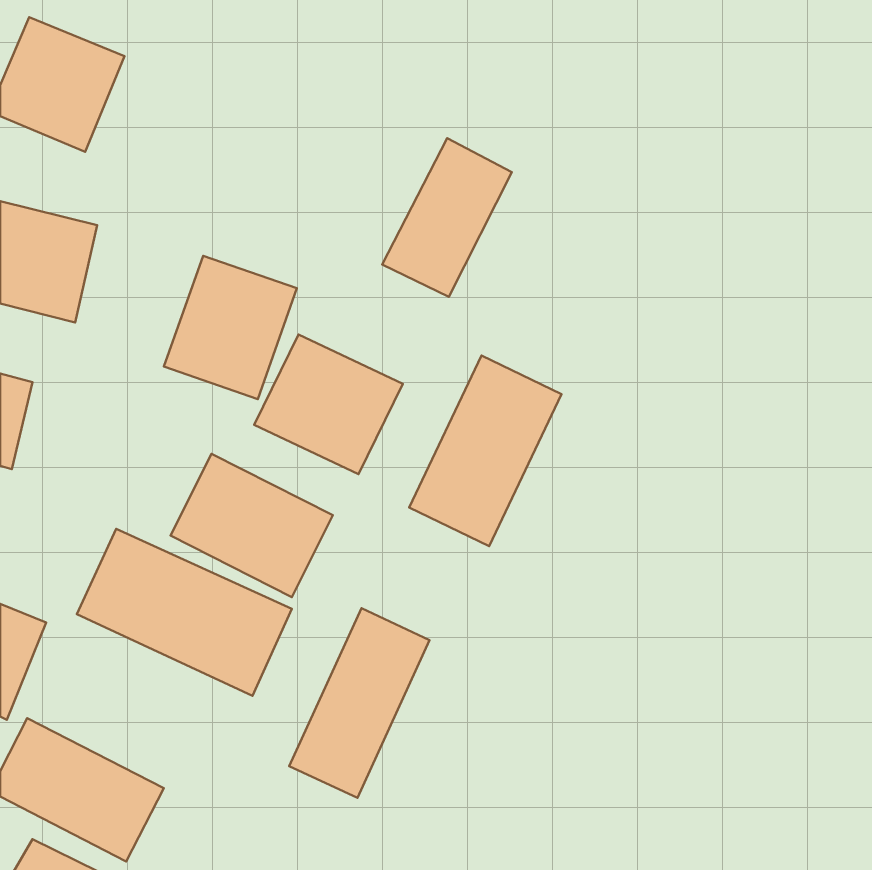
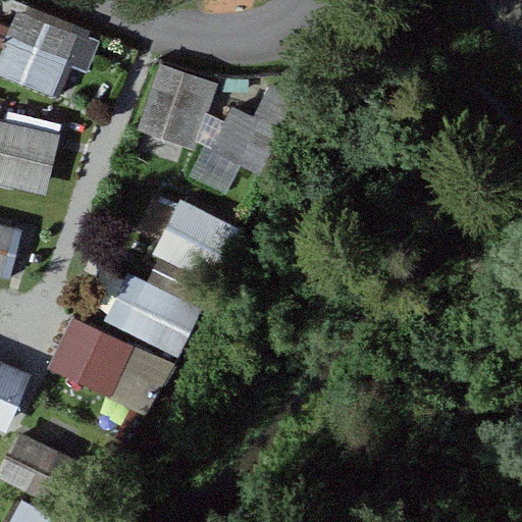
building: [164,256,297,399] -> [135,64,214,150]
building: [409,355,561,546] -> none
building: [289,608,430,798] -> none

